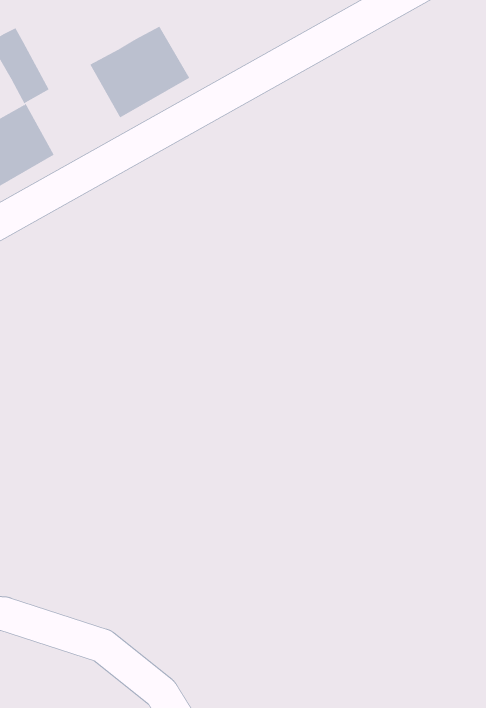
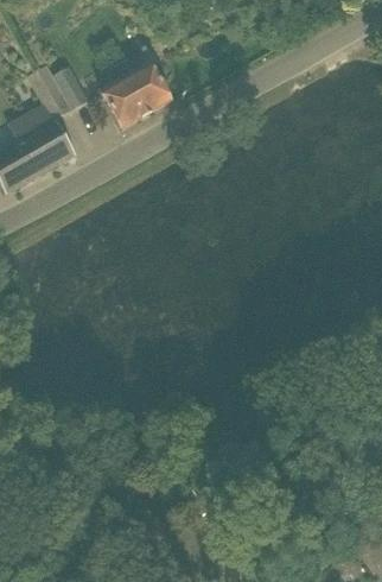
building: none -> [53,65,89,109]

